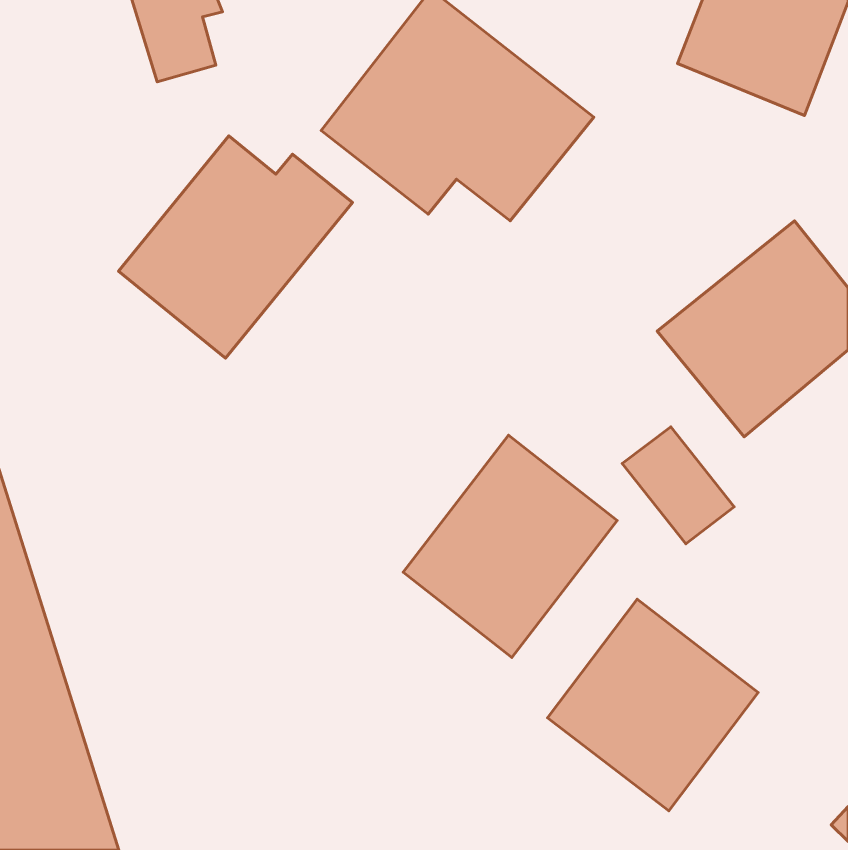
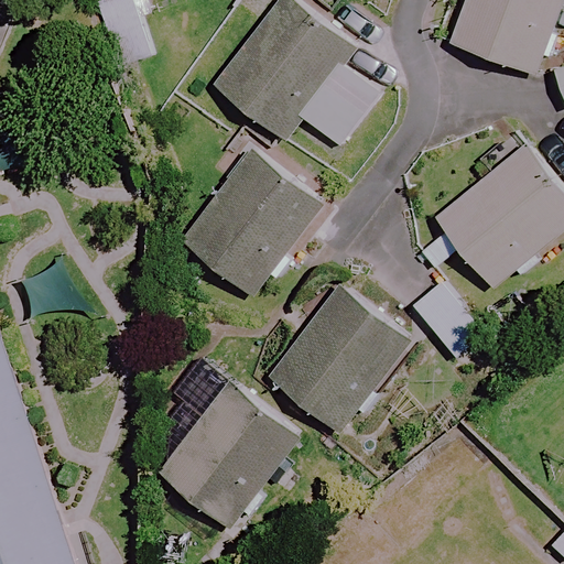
building: [118,136,353,358] -> [181,152,335,299]
building: none -> [160,383,300,528]
building: [548,599,758,811] -> none

